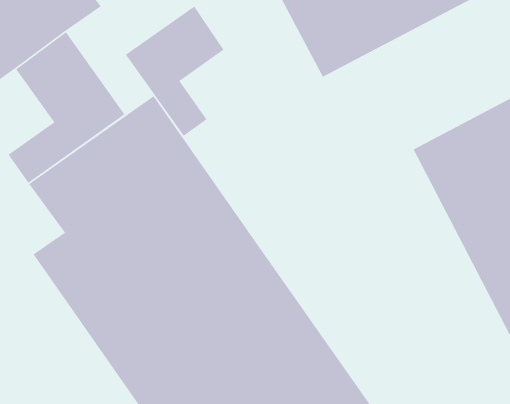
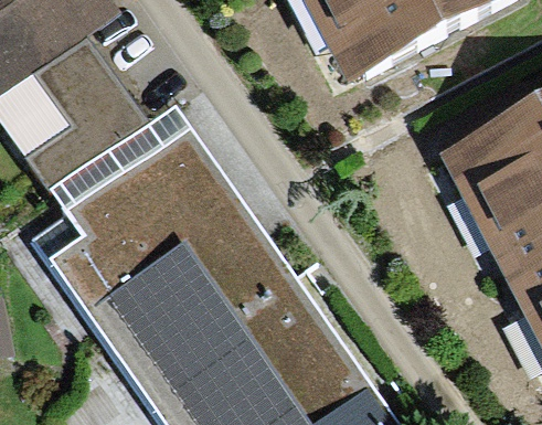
building: [125,6,225,137] -> none

